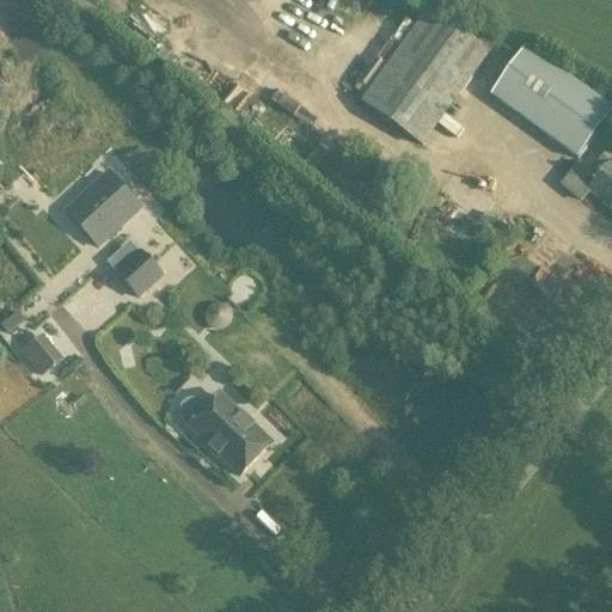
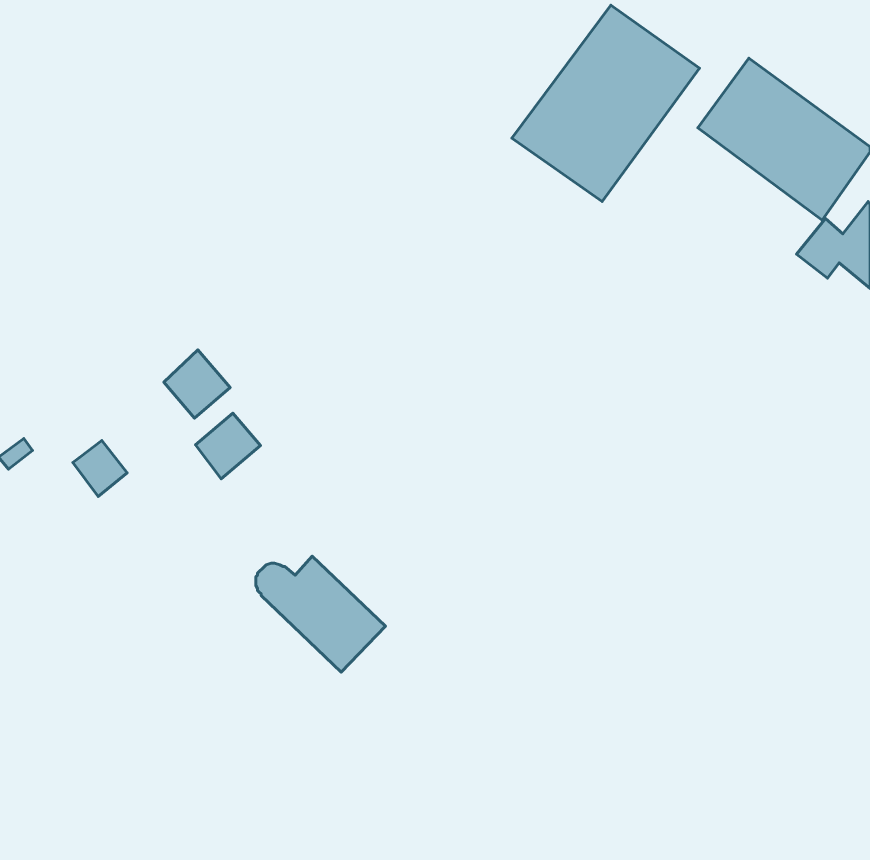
building: [62,165,142,244] -> none
building: none -> [196,413,260,479]
building: [22,331,60,371] -> [73,440,127,497]

